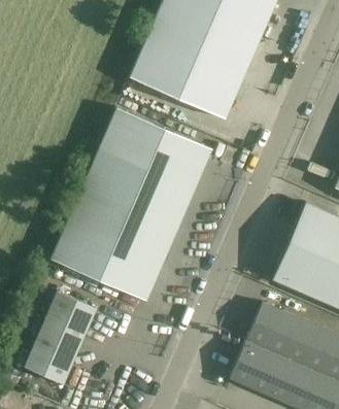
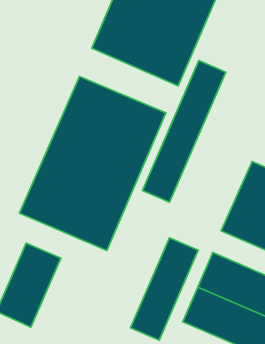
building: none -> [142,60,226,202]
building: none -> [131,238,198,340]

